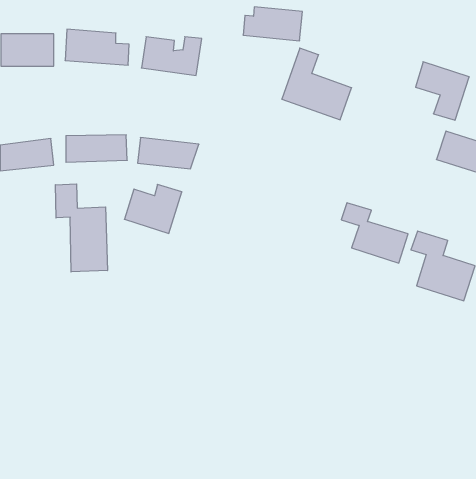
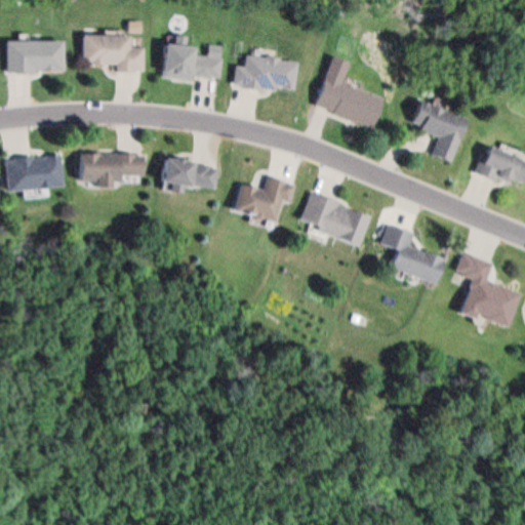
building: [243,7,302,41] -> [233,56,297,93]
building: [416,62,469,120] -> [412,102,471,165]
building: none -> [298,189,371,245]
building: [55,184,107,272] -> none
building: [124,184,182,233] -> [230,173,292,227]

